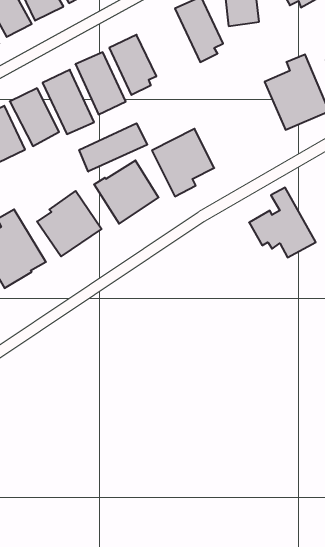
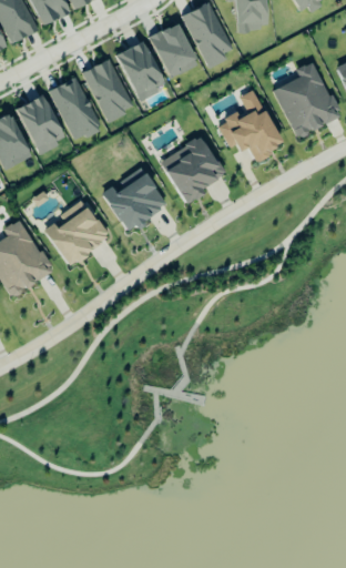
building: none -> [150,22,197,78]
building: [79,123,147,172] -> none
building: [249,188,316,257] -> [216,89,284,160]

